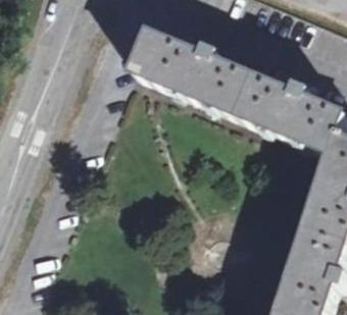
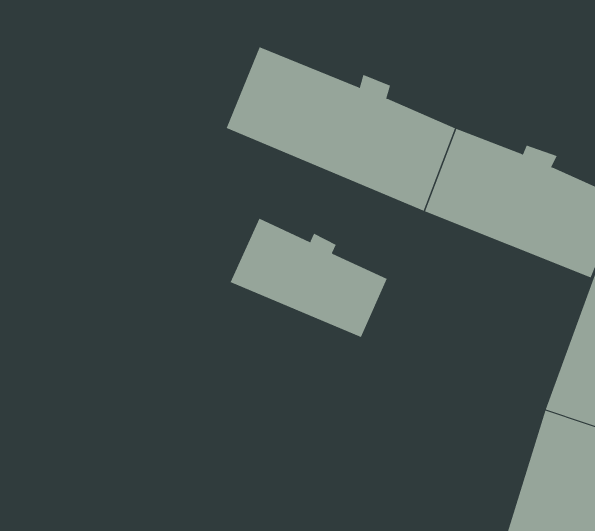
building: none -> [230,218,388,338]

